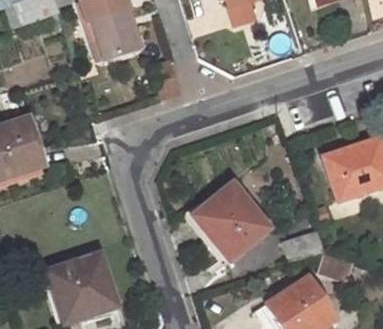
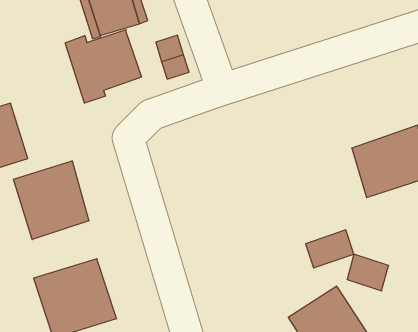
building: none -> [65,30,141,103]
building: none -> [14,161,89,240]
building: [191,186,266,261] -> none

